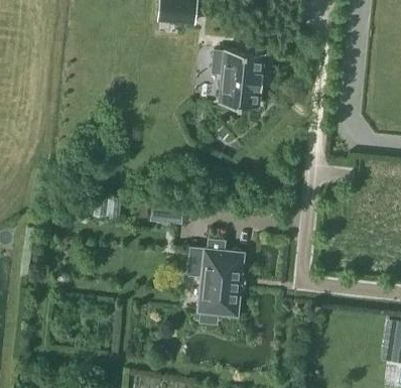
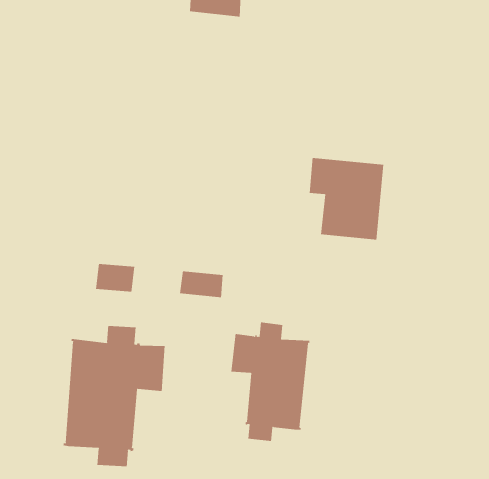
building: [213,49,266,108] -> [309,157,384,240]
building: none -> [63,325,165,467]

